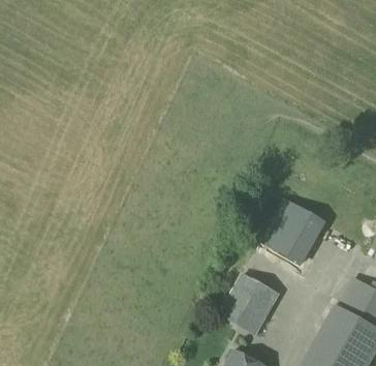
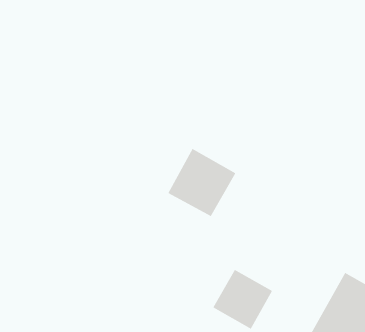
building: [259,196,327,265] -> [167,148,236,217]

